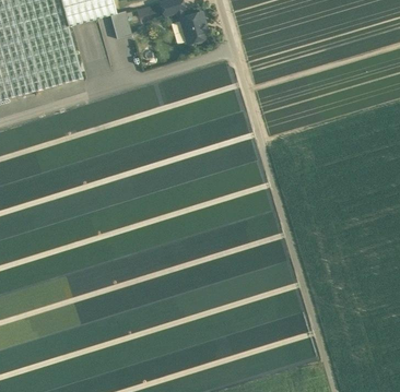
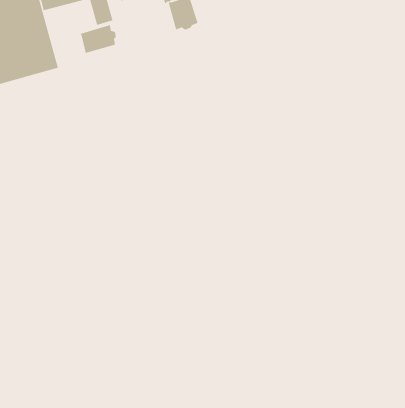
building: none -> [80,24,117,54]

